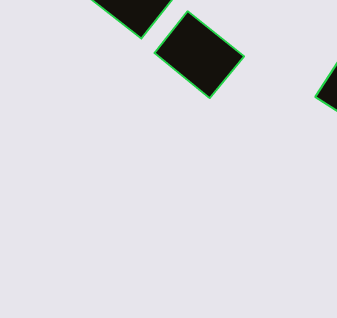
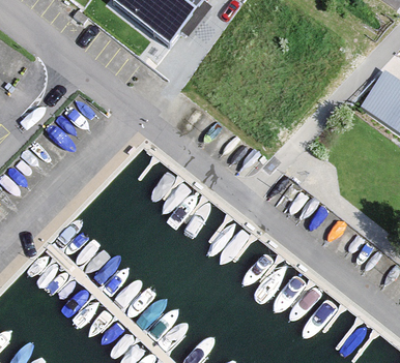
building: [154,11,244,98] -> none

